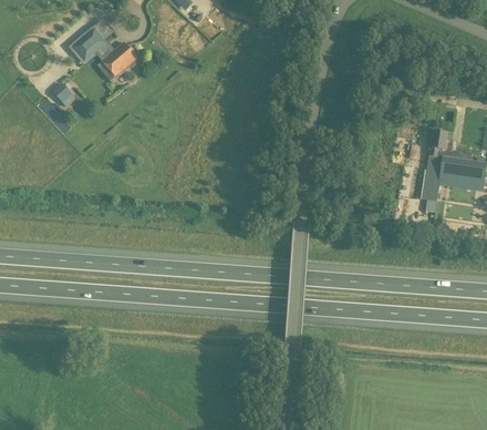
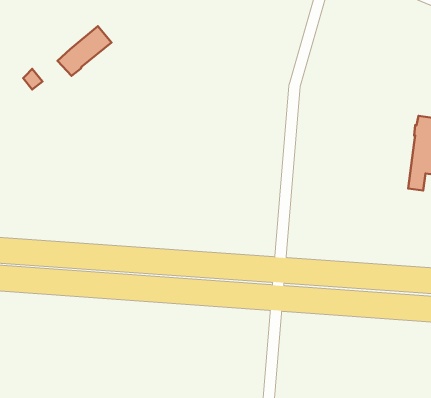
building: [72,29,105,61] -> none

